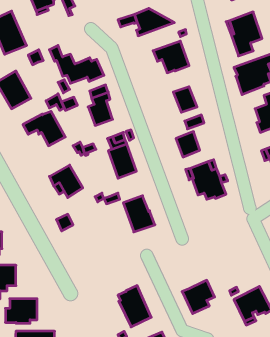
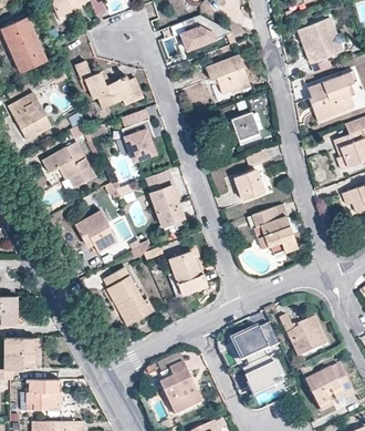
building: none -> [104,267,154,324]
building: none -> [281,315,330,358]
building: none -> [231,324,280,367]

